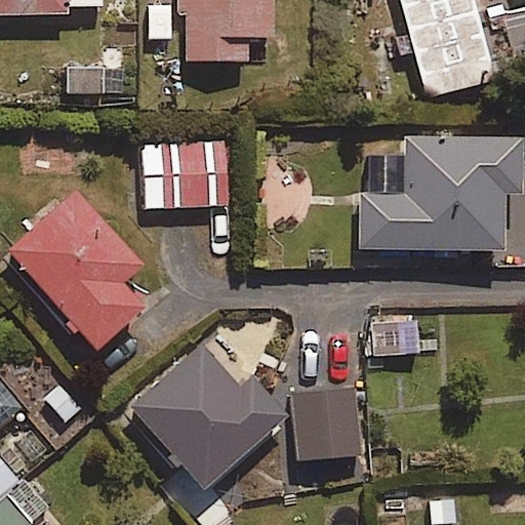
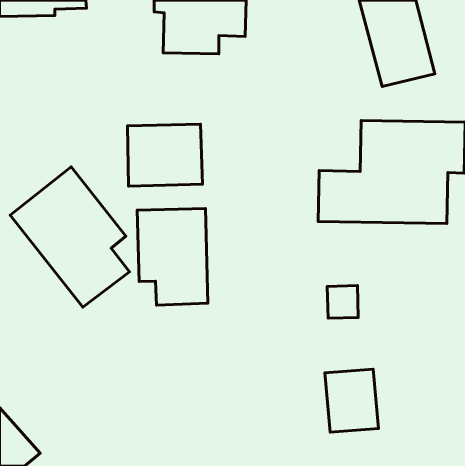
building: none -> [137,208,208,305]
building: [127,345,286,490] -> none
building: [294,390,355,460] -> [325,369,379,432]

